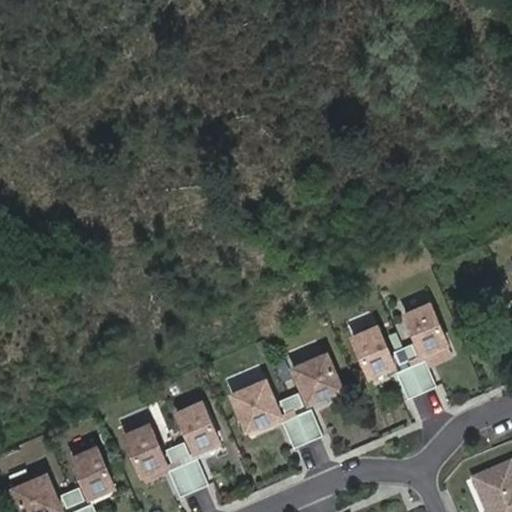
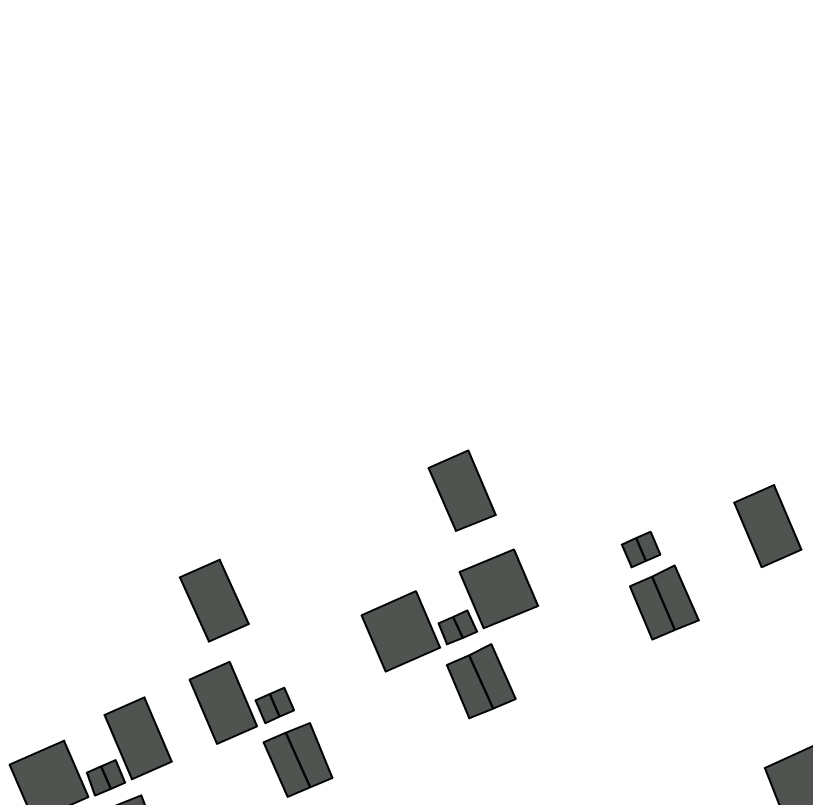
building: [404,302,446,353] -> [734,485,802,567]
building: [351,325,393,375] -> [428,451,496,531]
building: [175,399,218,450] -> [180,560,249,642]

